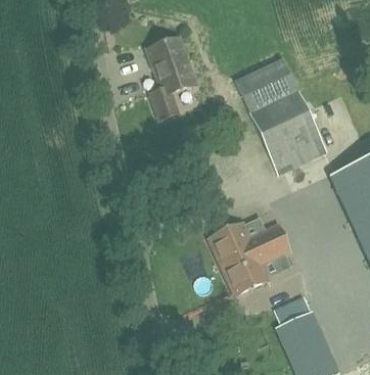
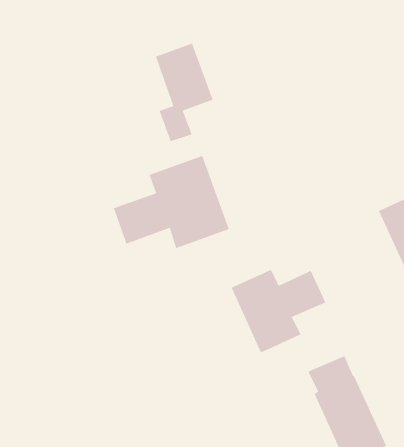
building: [235,56,327,172] -> none
building: none -> [113,155,229,249]

